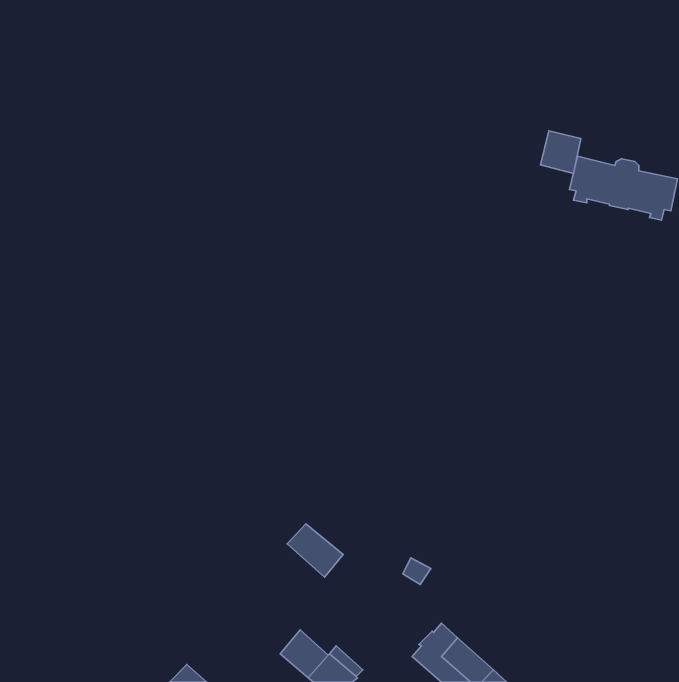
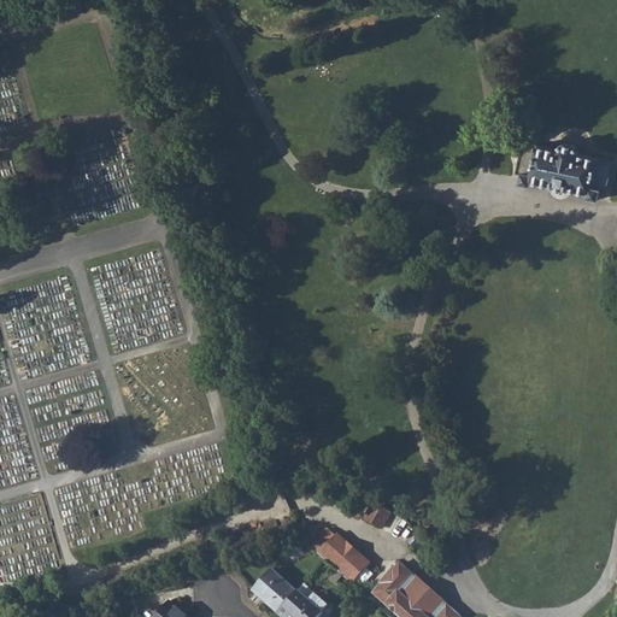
building: [540,131,581,173] -> none
building: [287,524,343,577] -> [317,535,368,583]

